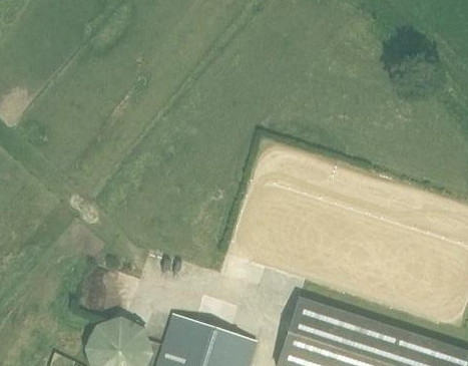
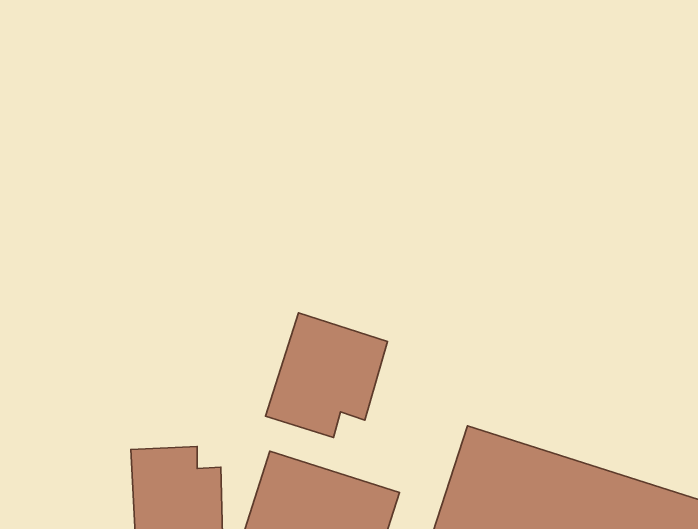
building: none -> [266,313,388,438]

